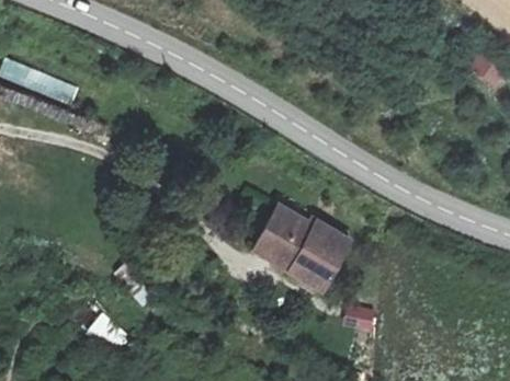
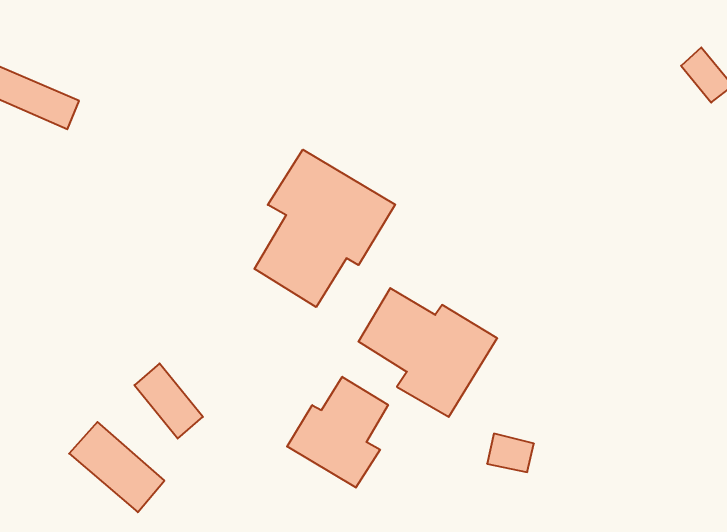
building: none -> [254,150,395,307]
building: none -> [287,377,388,488]

